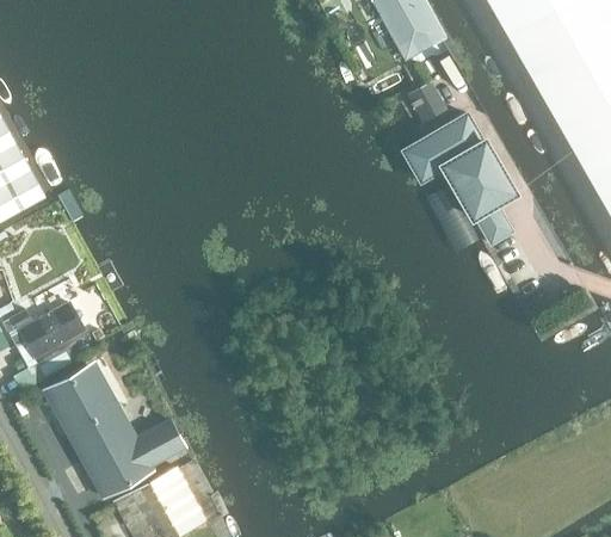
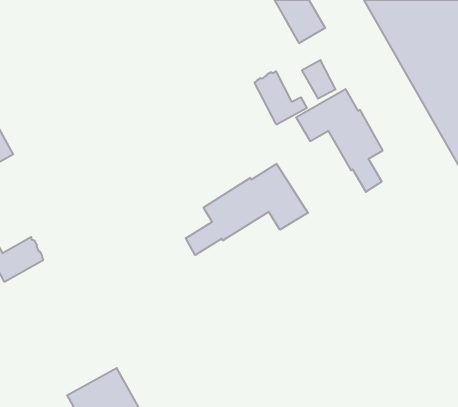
building: none -> [255,71,307,125]
building: none -> [186,164,308,255]
building: [43,366,184,496] -> none

